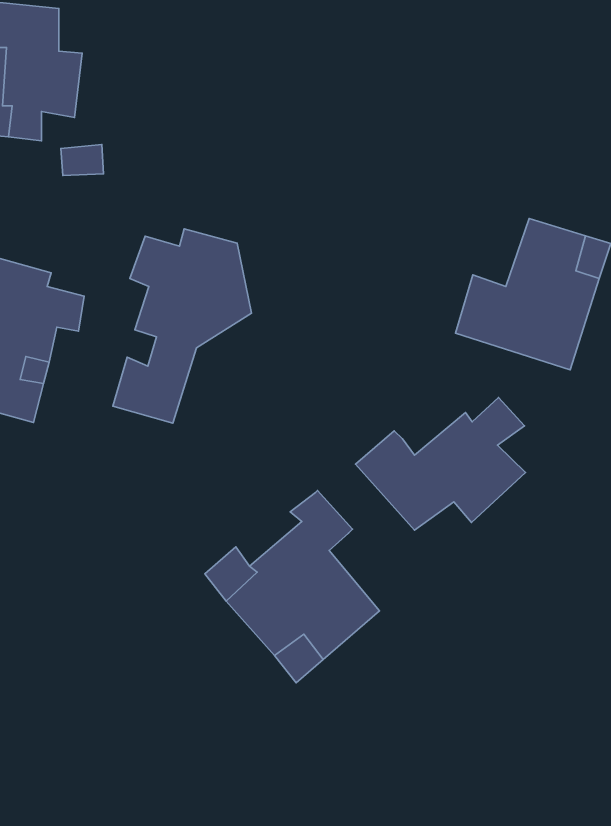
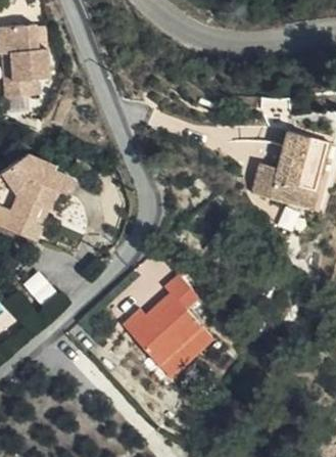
building: [113,229,251,423] -> none
building: [355,397,526,530] -> none

